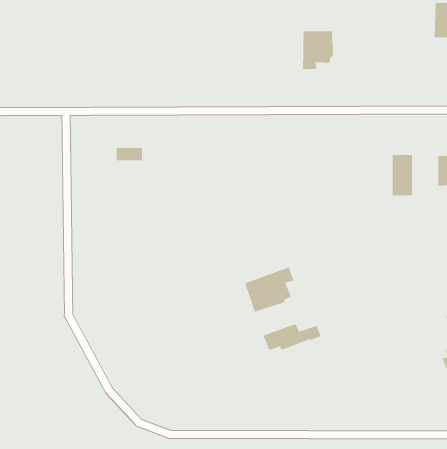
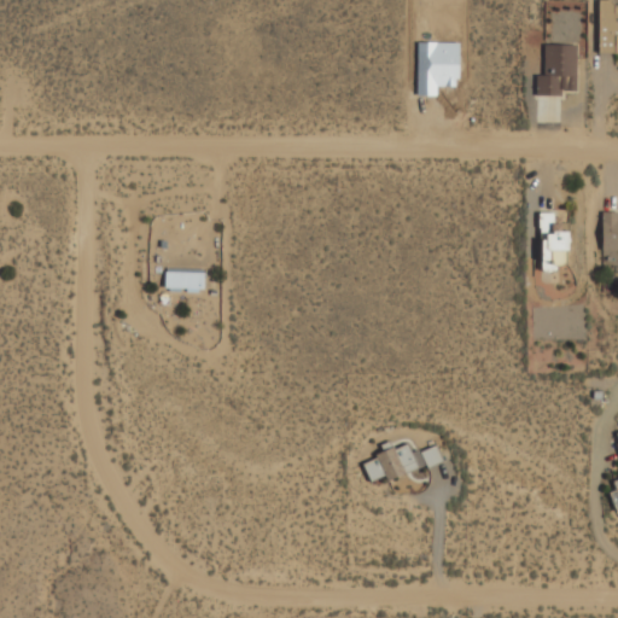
building: none -> [537,46,577,97]
building: [116,148,143,161] -> [167,270,204,288]
building: [244,266,294,312] -> none

